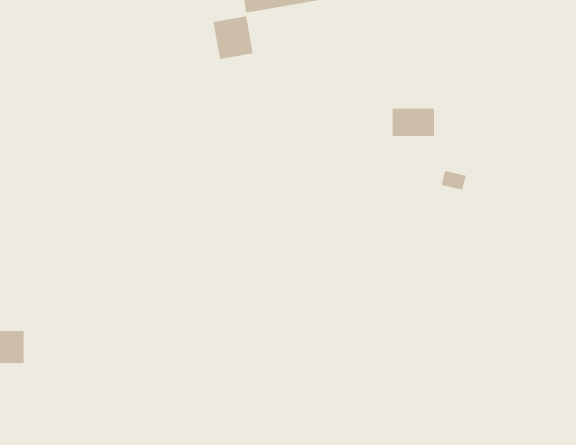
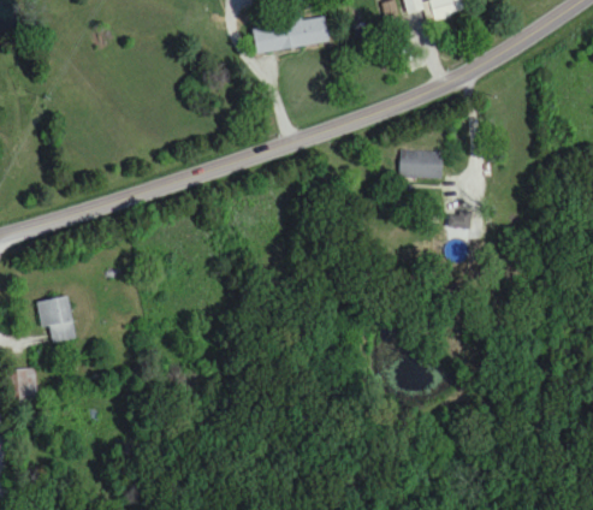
building: [213,16,253,60] -> none
building: none -> [37,295,76,342]

